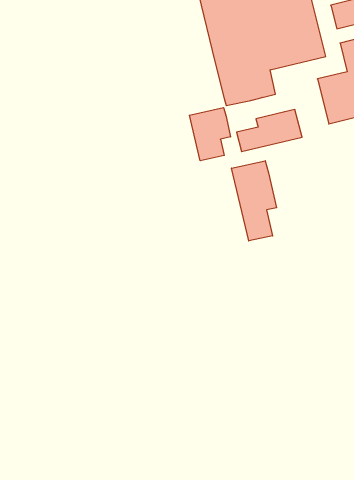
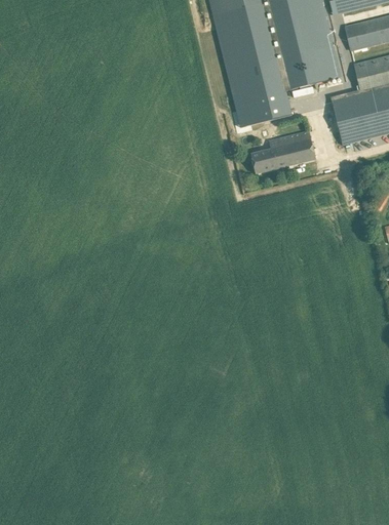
building: [189,108,230,161] -> none
building: [232,161,276,241] -> none

